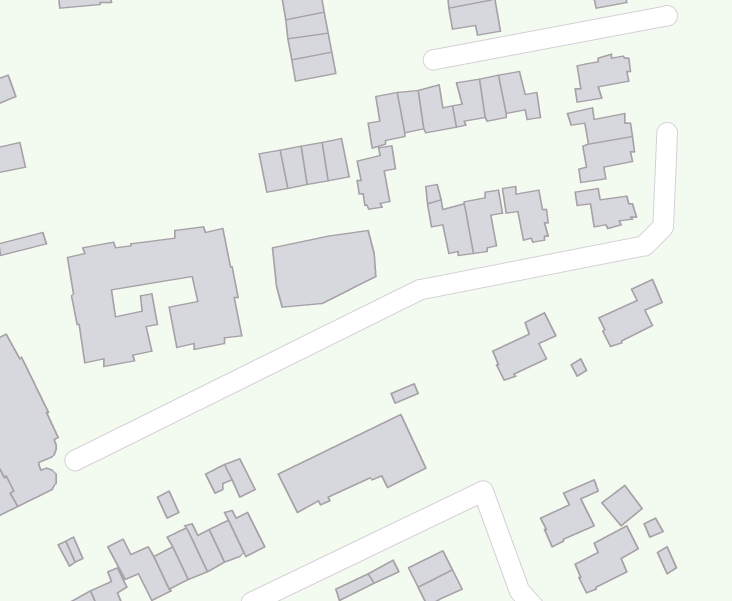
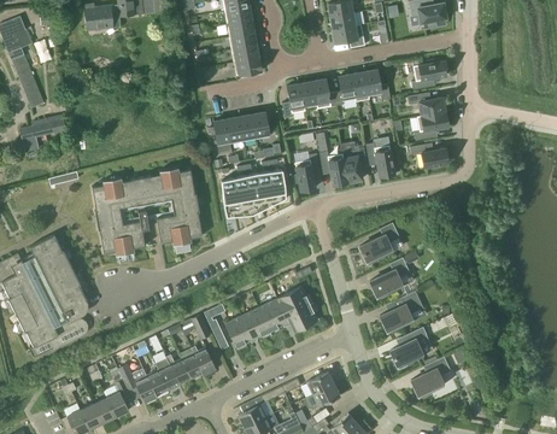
building: [357,146,396,209] -> [295,153,319,193]
building: [599,280,662,347] -> [370,257,410,299]
building: none -> [381,291,422,334]

